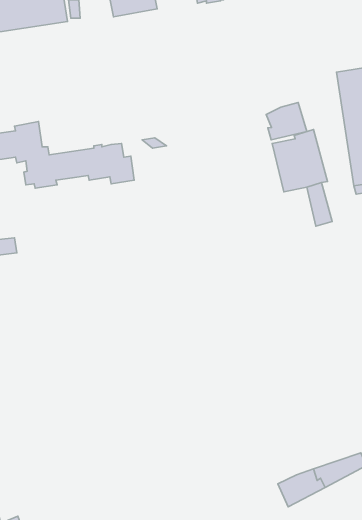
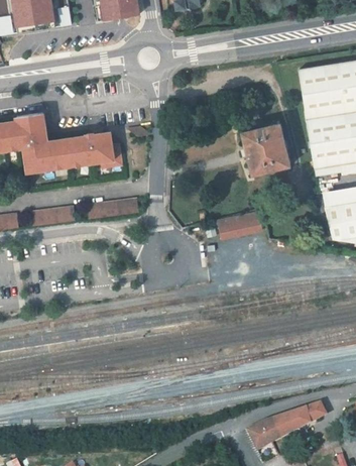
building: [266,103,307,140] -> none
building: none -> [87,198,138,218]
building: none -> [30,206,75,225]
building: none -> [213,212,261,238]

